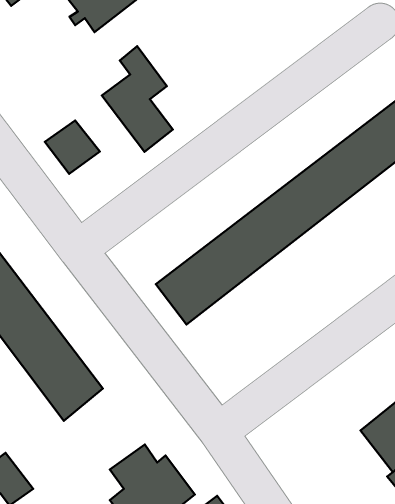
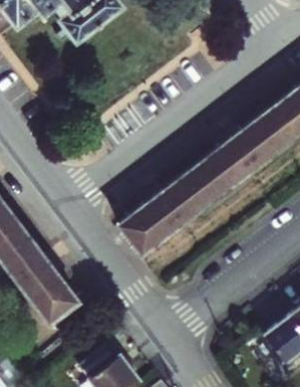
building: [102,46,173,152] -> none
building: [45,121,100,174] -> none

